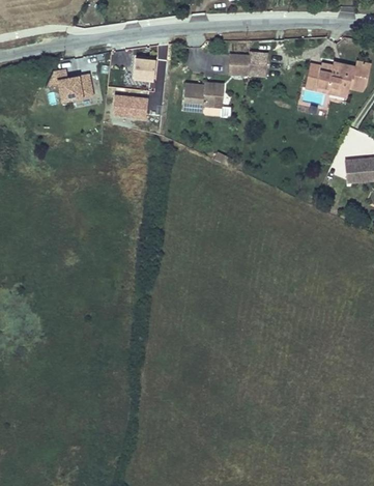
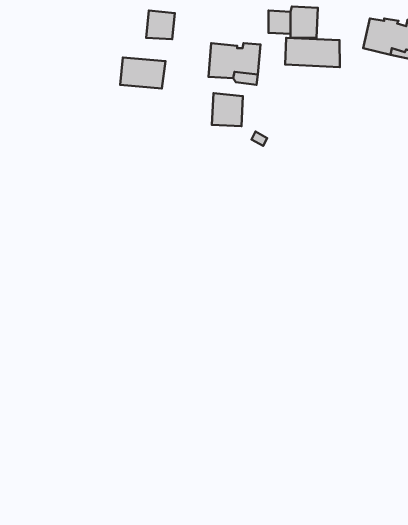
building: [47,66,94,101] -> none
building: none -> [285,38,340,67]
building: none -> [212,93,243,126]

